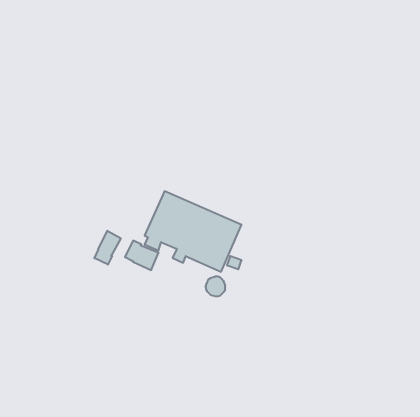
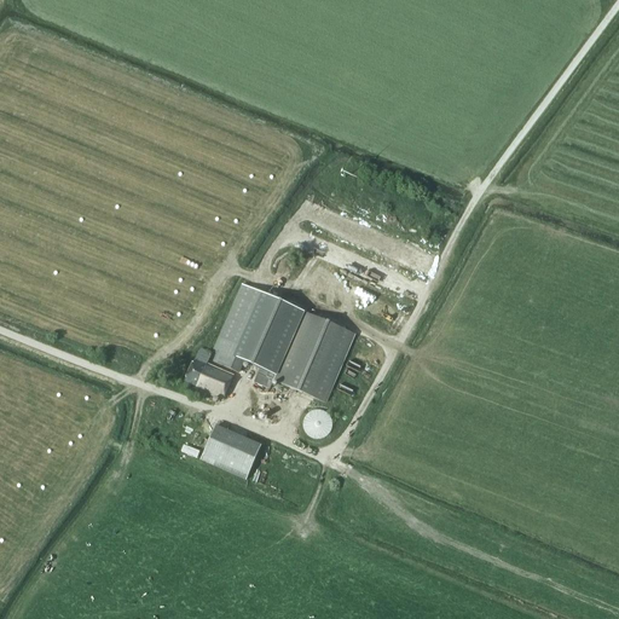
building: [94,231,121,265] -> none
building: none -> [202,423,262,478]

